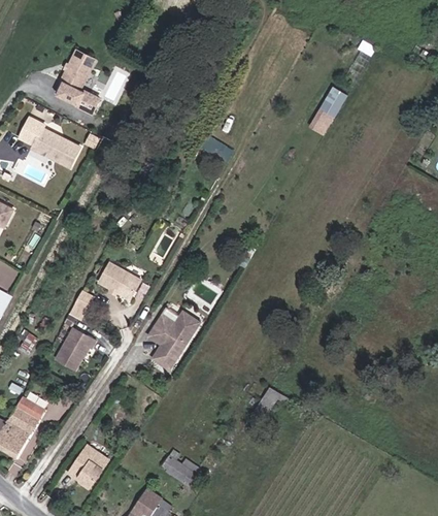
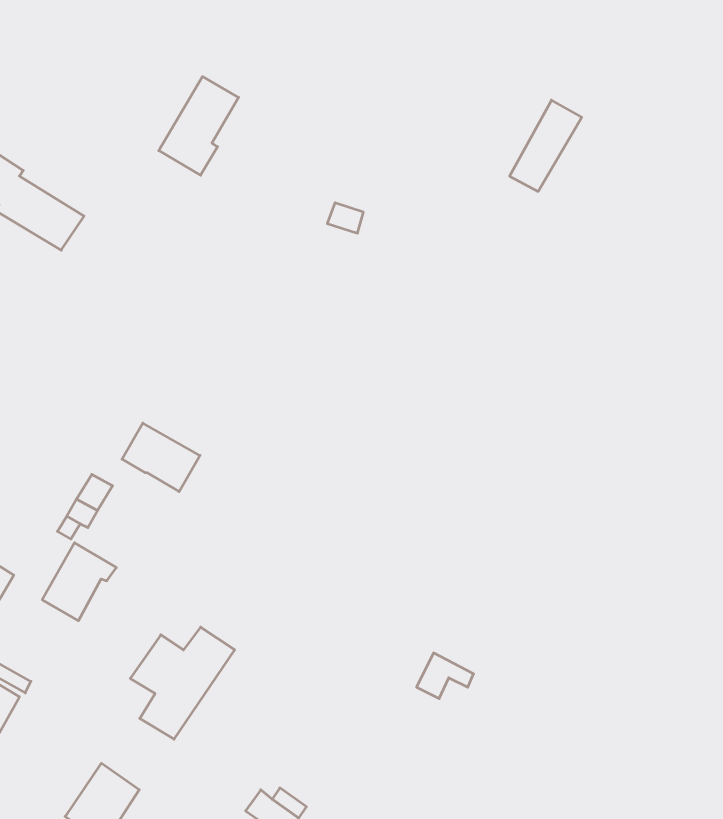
building: [57,52,100,105] -> [159,77,239,175]
building: [146,310,203,370] -> [130,627,235,739]

